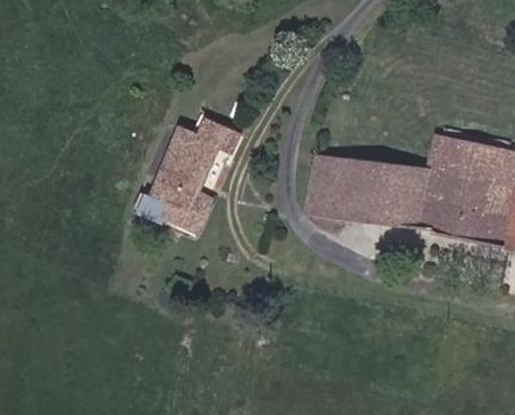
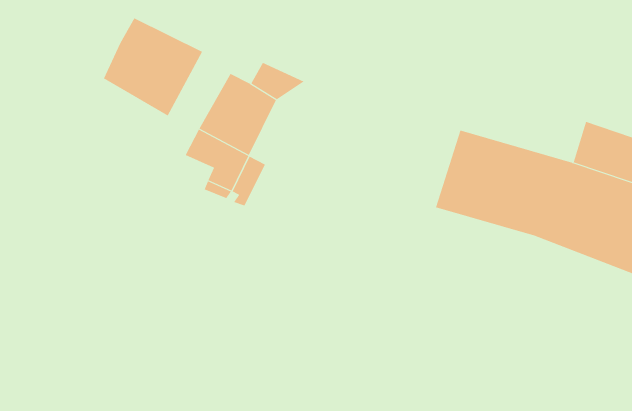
building: none -> [103,17,203,116]
building: [315,150,356,215] -> none

